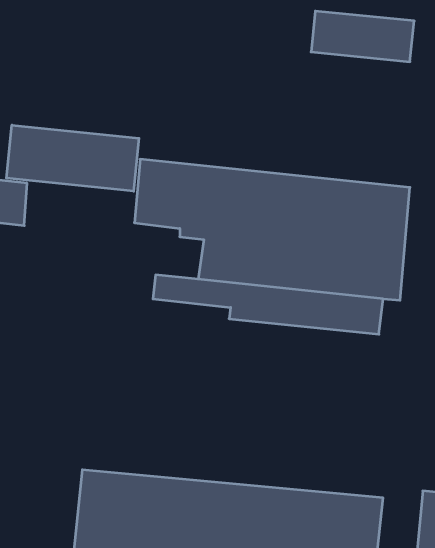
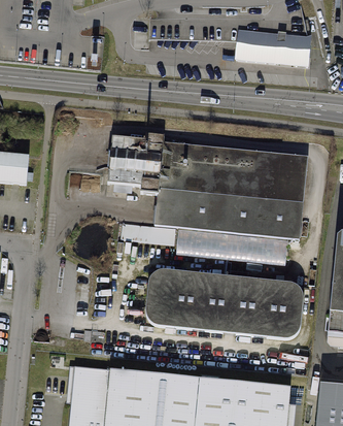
building: [6,125,139,191] -> none
building: none -> [142,270,301,339]

